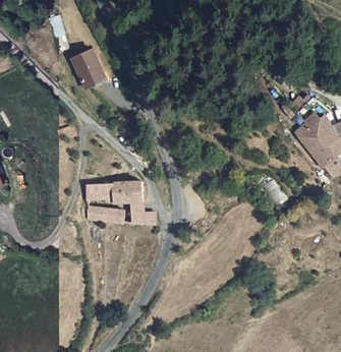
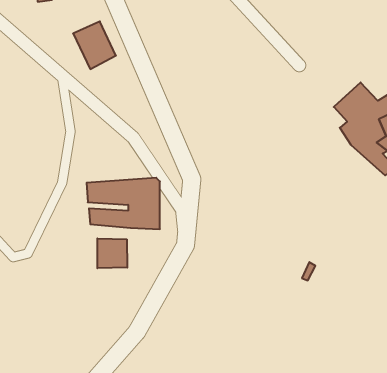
building: none -> [97,238,127,268]

